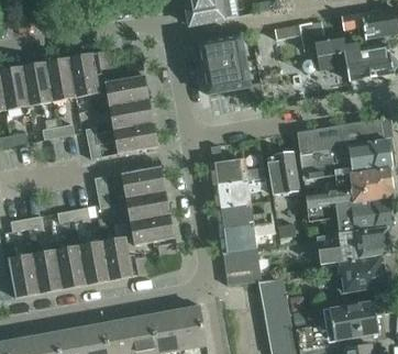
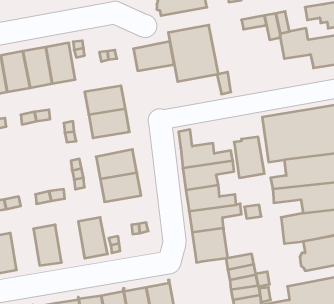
building: [106,75,148,106] -> [133,41,174,71]
building: [131,214,174,245] -> none
building: [79,242,110,285] -> none
building: [32,250,63,292] -> none

